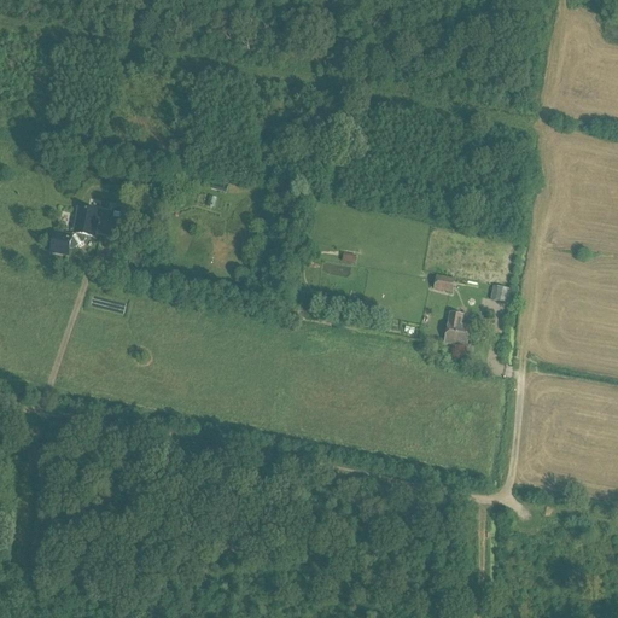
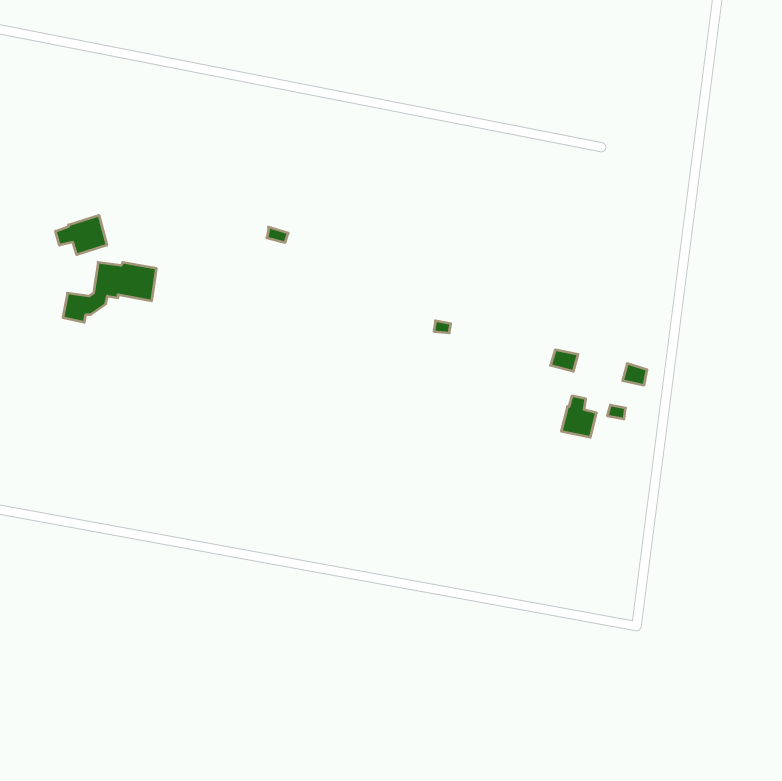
building: none -> [56,215,107,255]

